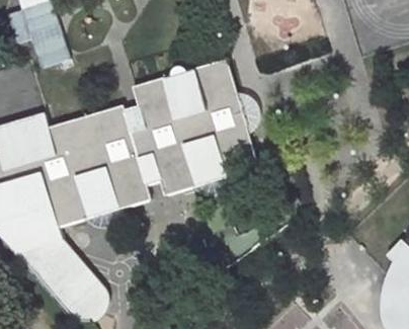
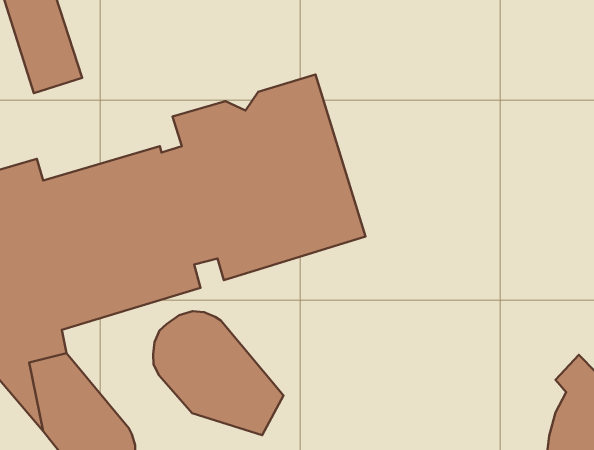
building: none -> [153,311,283,435]

